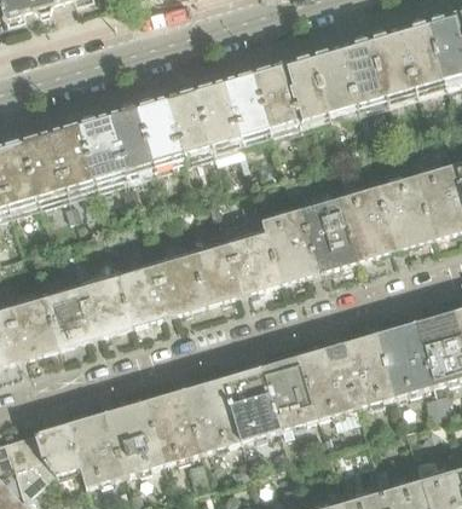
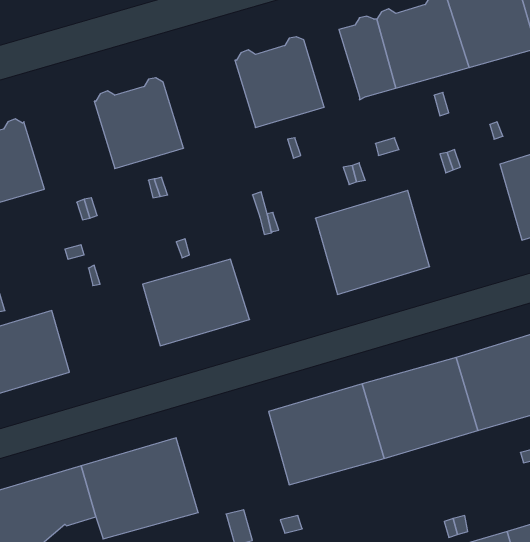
building: [253,64,299,128] -> none
building: [137,87,213,162] -> none
building: [22,121,97,196] -> none
building: [339,175,433,260] -> none
building: [192,232,281,303] -> none
building: [45,274,134,347] -> none
building: [148,380,241,463] -> none

